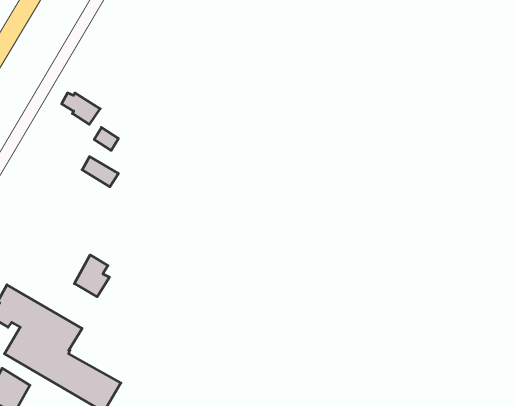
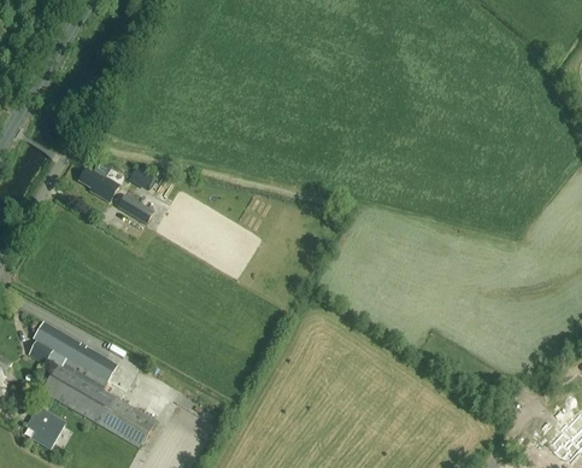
building: [62,93,100,124] -> [80,169,118,200]
building: [74,255,109,297] -> none

